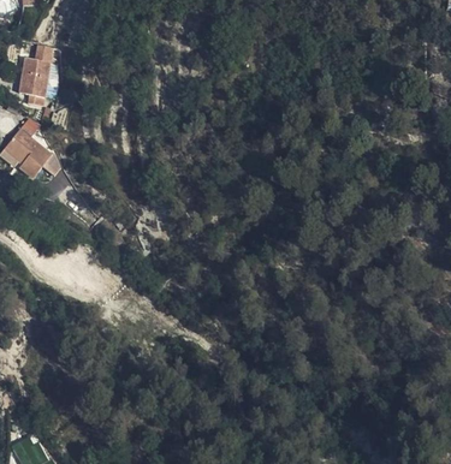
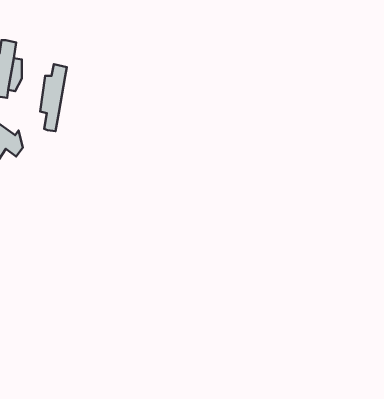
building: none -> [40,64,67,131]

